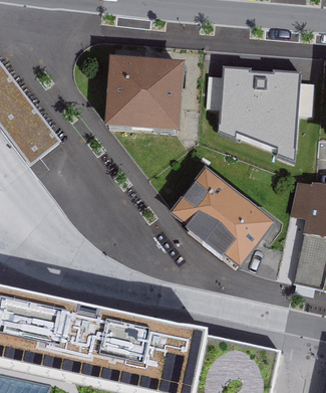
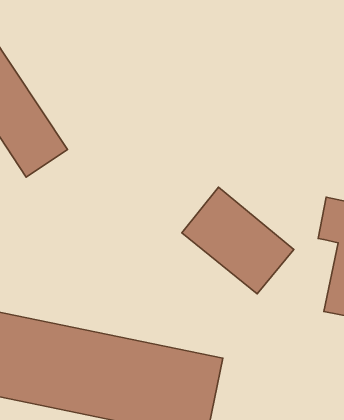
building: [105,58,187,135] -> none
building: [216,66,298,160] -> none

